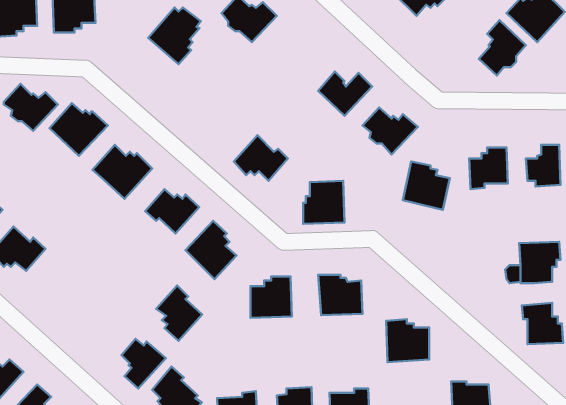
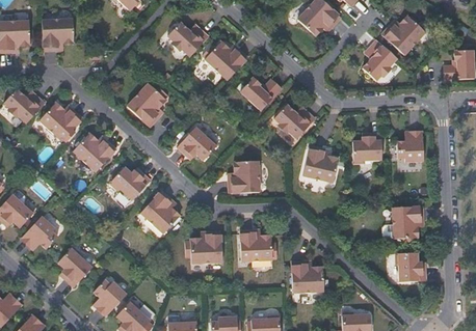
building: [148,7,201,64] -> [127,83,166,126]
building: none -> [205,39,248,80]
building: none -> [20,216,57,248]
building: [156,285,202,341] -> [57,245,91,286]

